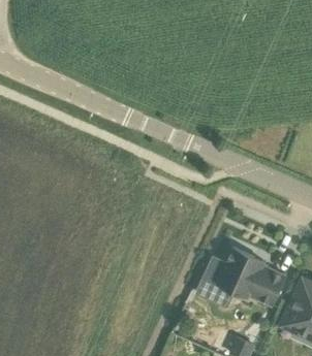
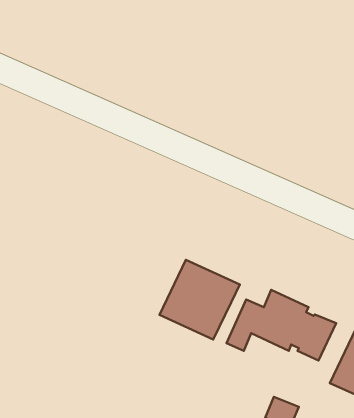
building: none -> [159,260,240,339]

